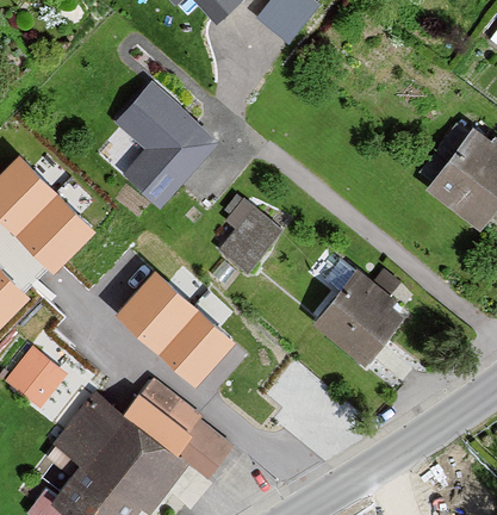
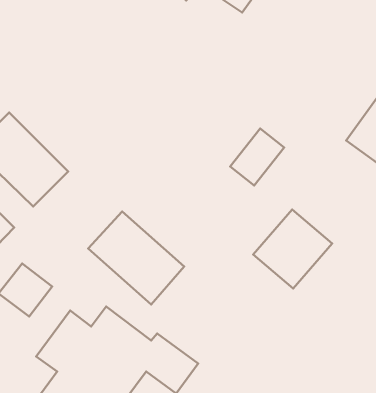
building: [113,86,213,207] -> none
building: [219,207,284,275] -> [230,129,284,186]

